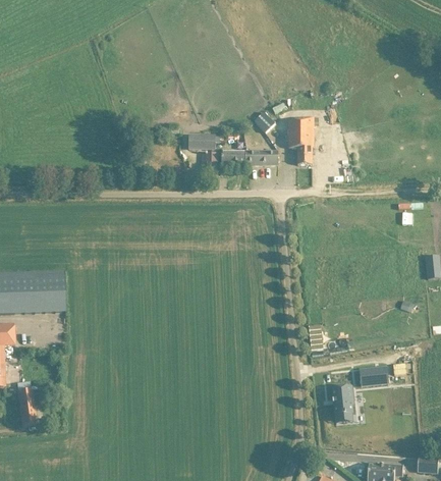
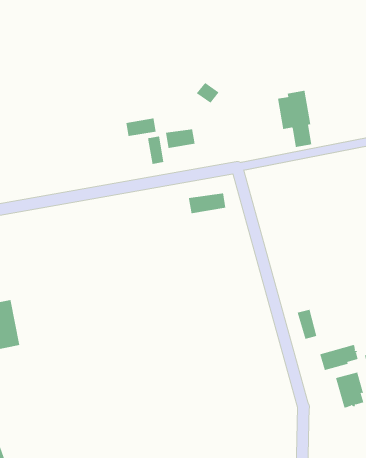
building: [289,115,315,163] -> [277,90,312,147]
building: [246,149,278,163] -> [188,193,226,214]
building: none -> [320,344,358,371]

